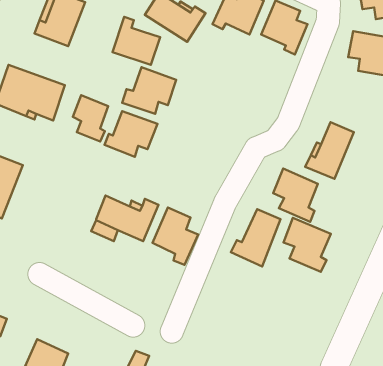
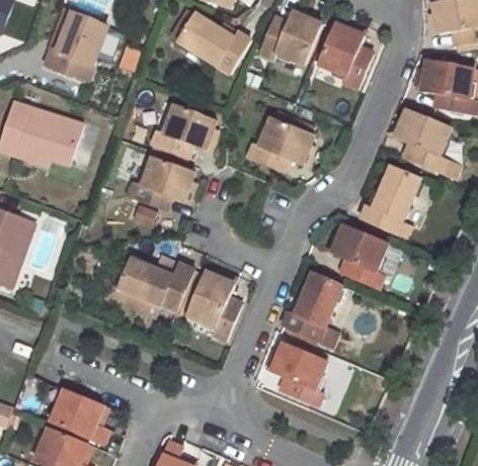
building: [112,17,160,65] -> none
building: none -> [394,109,451,173]
building: none -> [247,117,312,172]
building: [73,95,108,141] -> none
building: [284,218,331,272] -> [270,342,327,406]
building: none -> [49,389,107,445]

